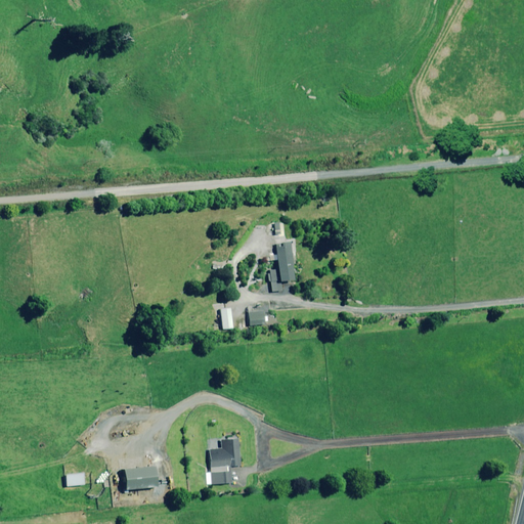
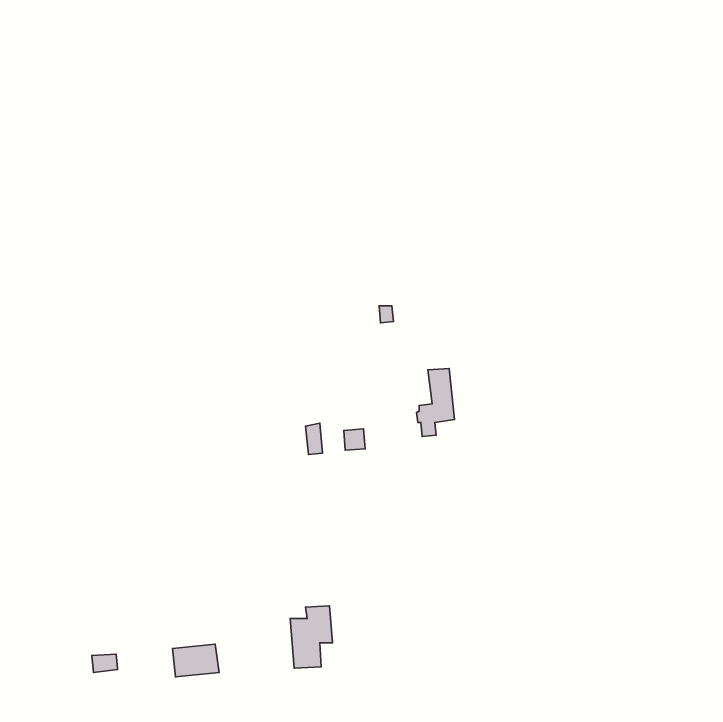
building: [268,242,296,291] -> [416,369,455,437]

